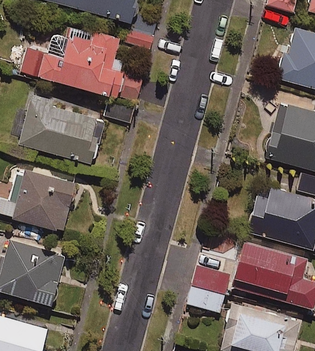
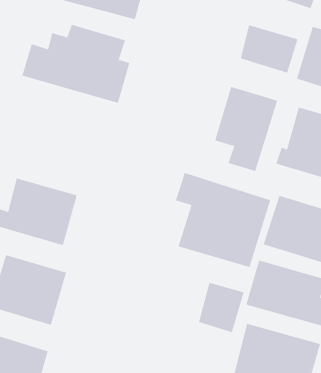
building: none -> [240,24,298,73]
building: none -> [214,86,278,172]
building: [19,95,104,163] -> none
building: none -> [175,172,271,268]

